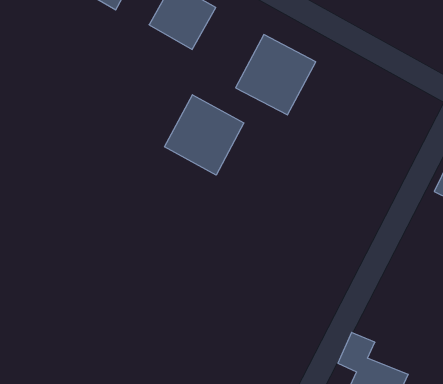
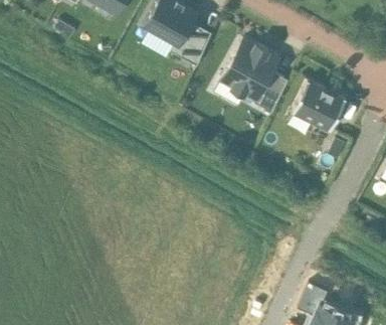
building: none -> [297,80,347,128]
building: [165,95,244,175] -> none

